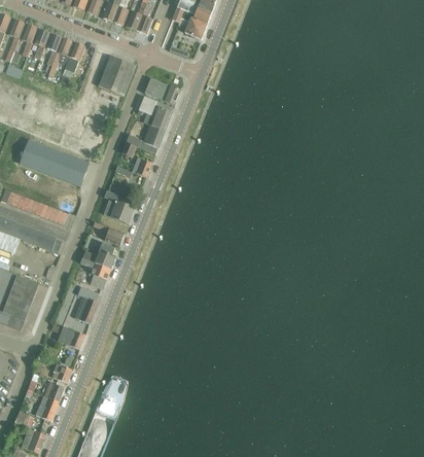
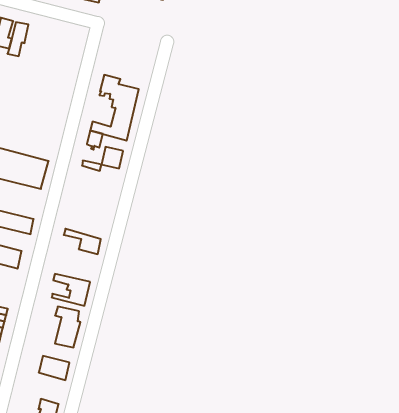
building: [98,55,134,95] -> none
building: [144,77,180,105] -> none
building: [103,189,134,223] -> none
building: [81,243,114,269] -> none

